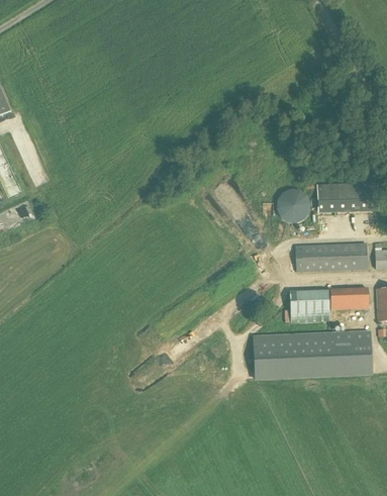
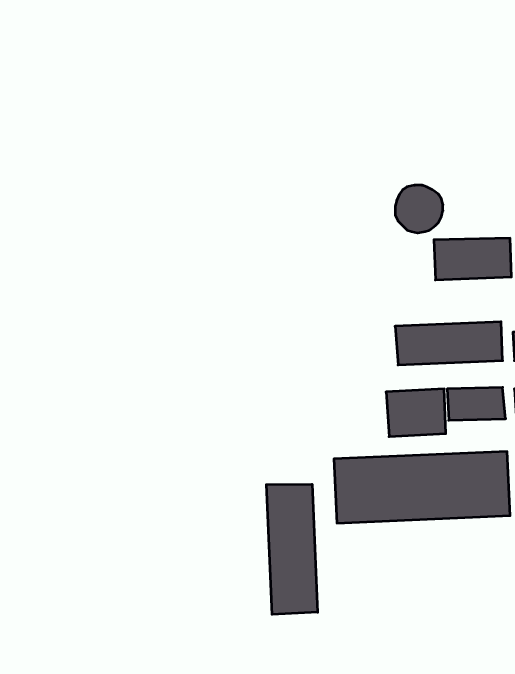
building: [277,190,309,222] -> [395,185,443,233]
building: none -> [266,484,318,614]

